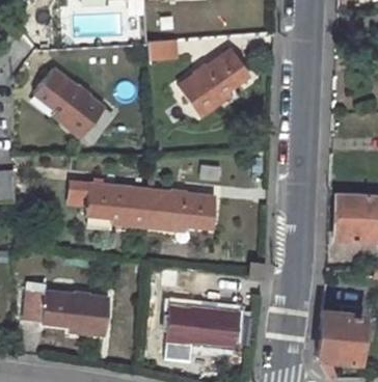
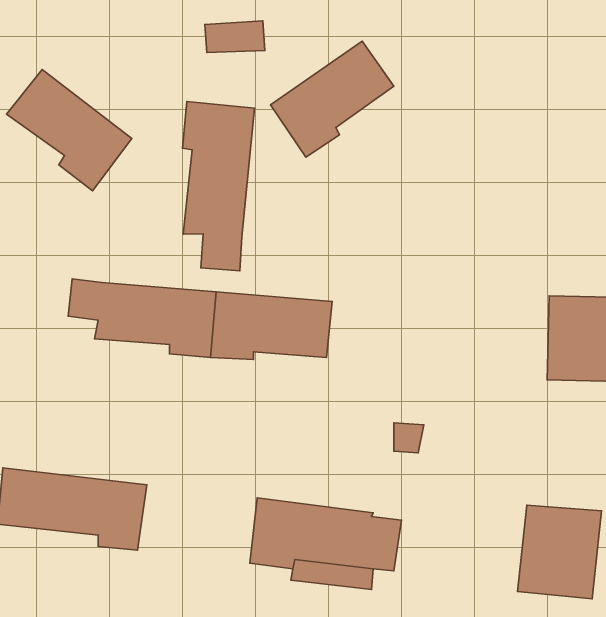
building: none -> [183,102,255,271]

